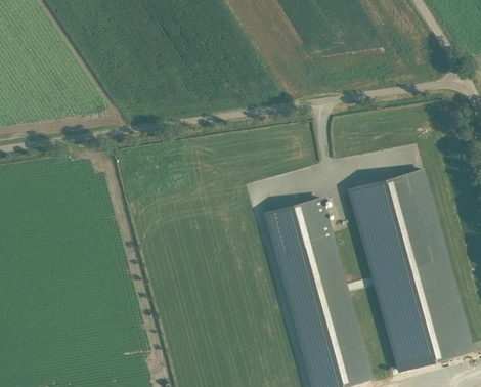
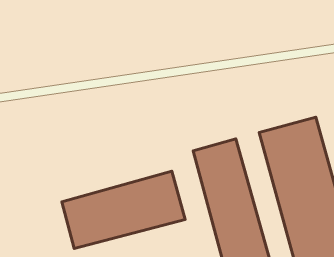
building: none -> [62,171,185,249]

